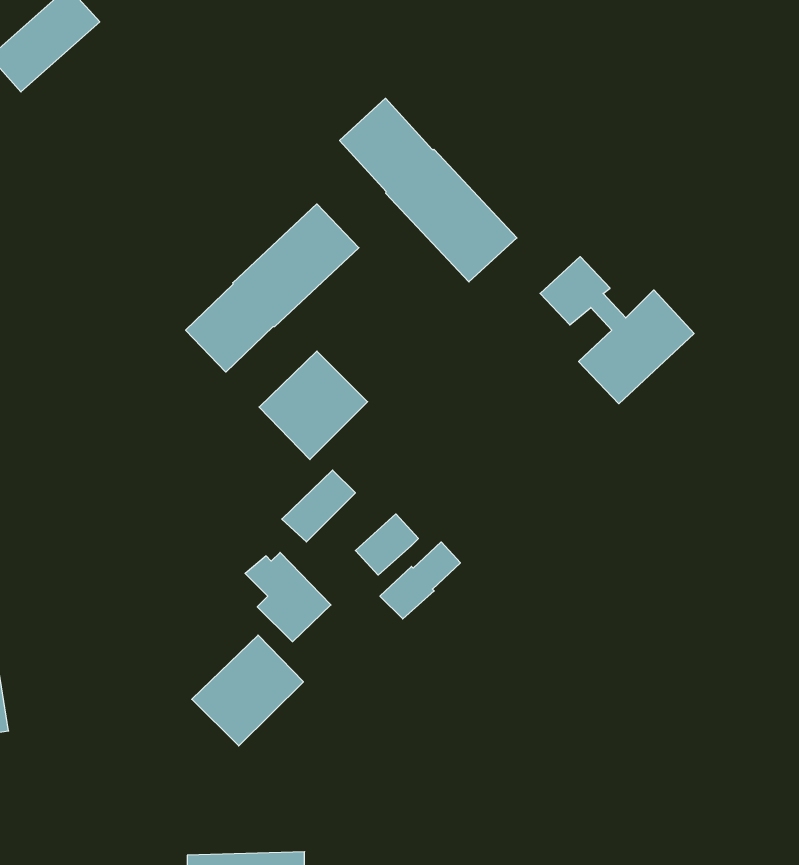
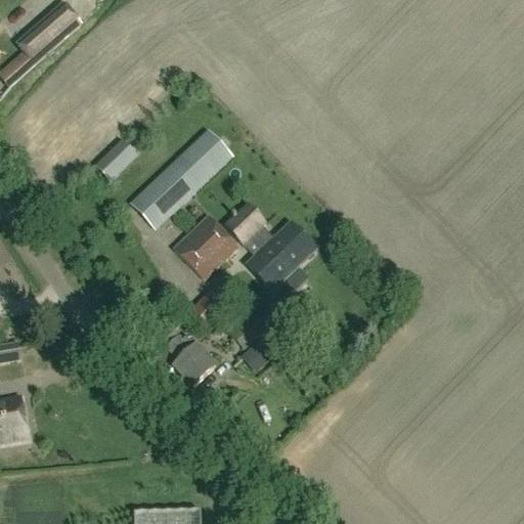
building: [340,98,517,282] -> none
building: none -> [94,146,127,179]
building: [540,257,694,404] -> [224,203,314,289]
building: [192,635,303,746] -> none

